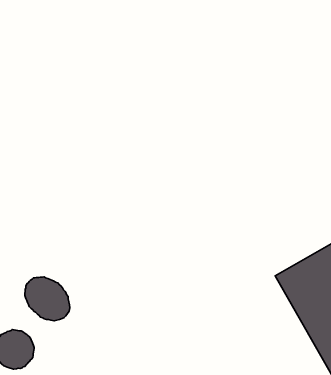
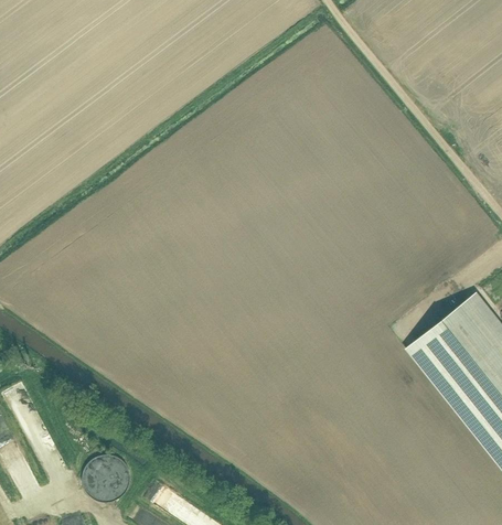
building: [25,277,70,321] -> none

